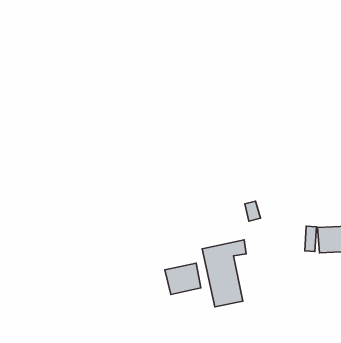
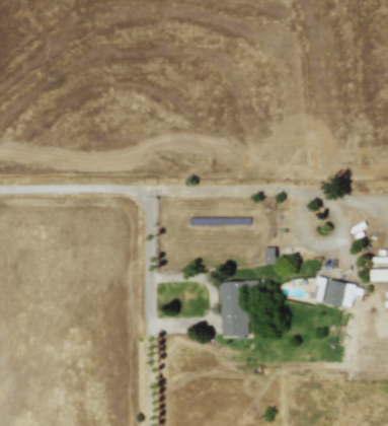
building: [165,263,201,294] -> none

